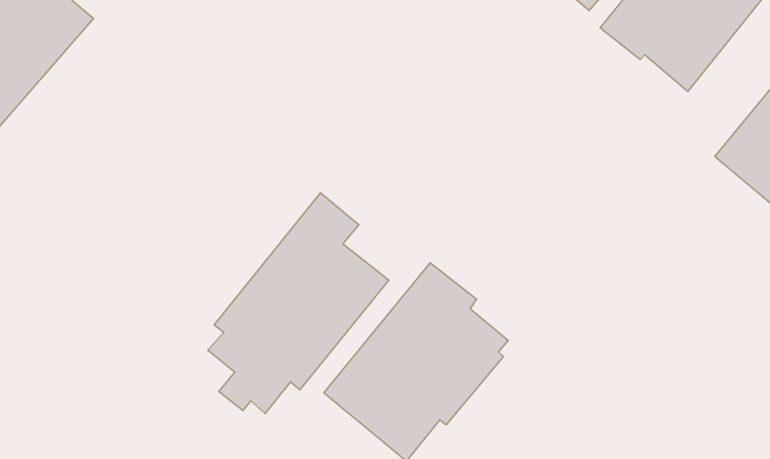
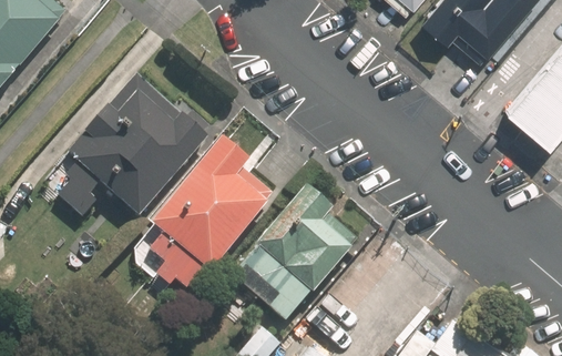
building: none -> [51,77,214,220]

